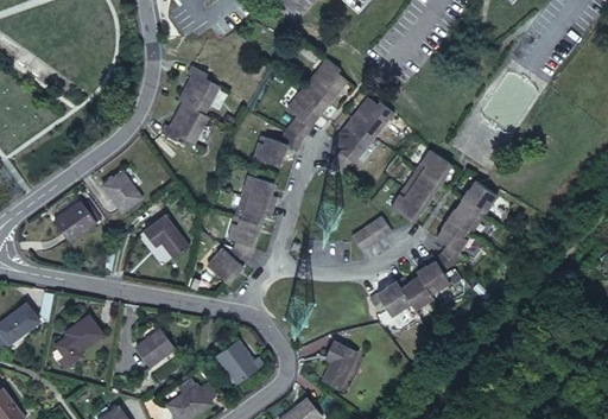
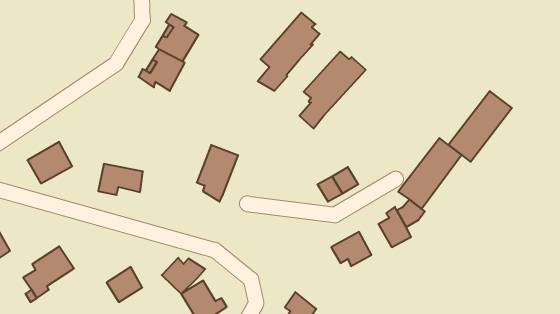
building: [251,132,298,167] -> none
building: [387,146,449,220] -> [449,91,512,162]
building: [102,173,144,218] -> none
building: [238,176,277,211] -> none
building: [207,248,251,285] -> [162,258,205,294]
building: [395,272,429,301] -> none

